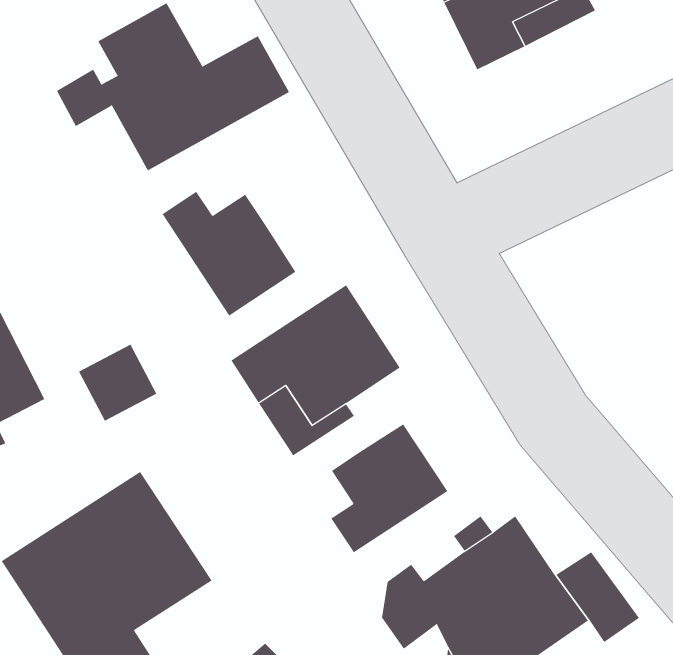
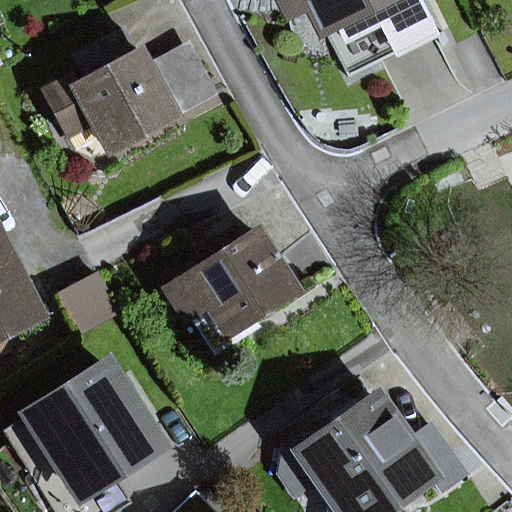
building: [162,191,296,317] -> none
building: [330,423,448,553] -> none

